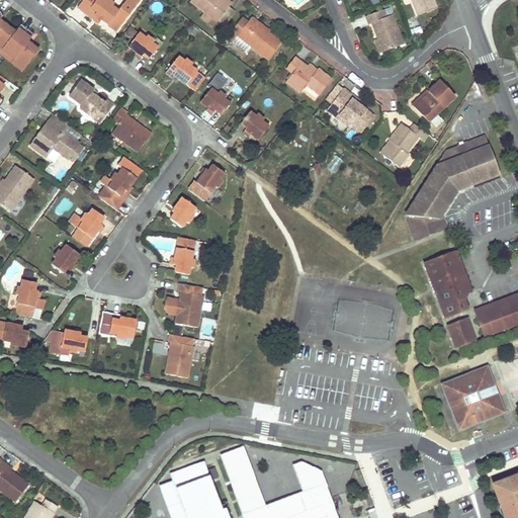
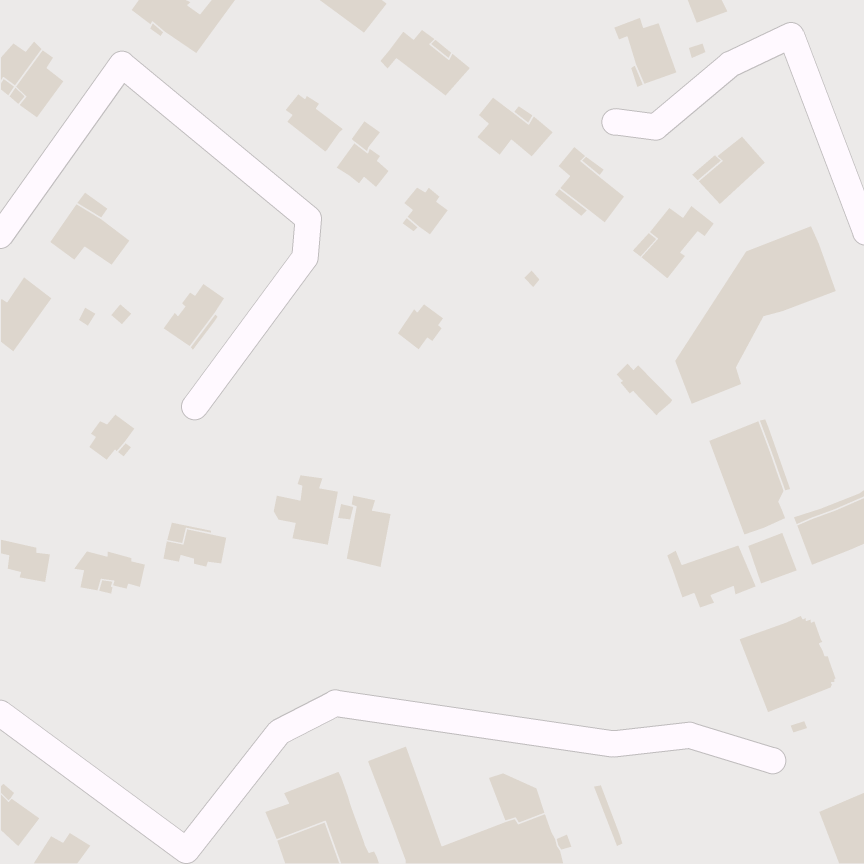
building: [126,31,156,57] -> none
building: [70,80,111,122] -> none
building: [112,106,153,151] -> none
building: [195,164,224,192] -> [397,303,444,350]
building: [171,197,196,225] -> none
building: [74,208,105,247] -> none
building: none -> [616,363,673,416]
building: [175,238,197,274] -> none
building: [15,278,44,317] -> none
building: none -> [666,545,757,608]
building: [166,335,193,378] -> [346,495,391,568]

